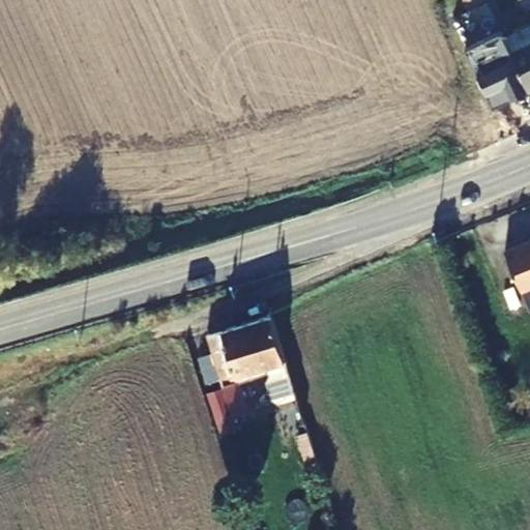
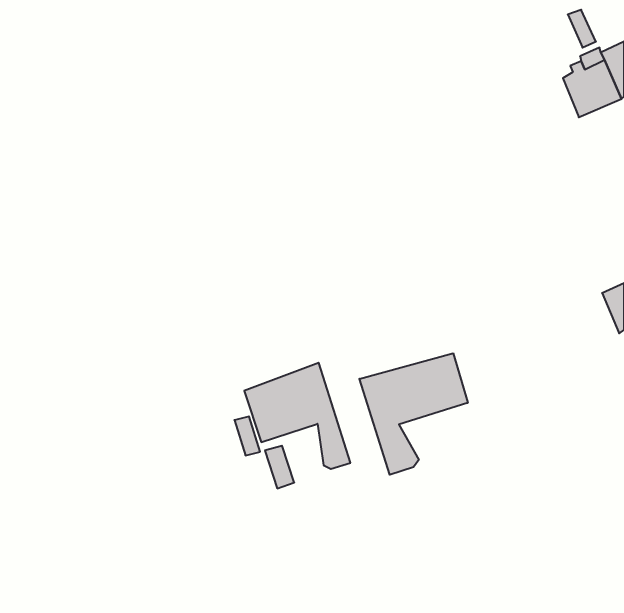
building: none -> [359,353,468,475]

